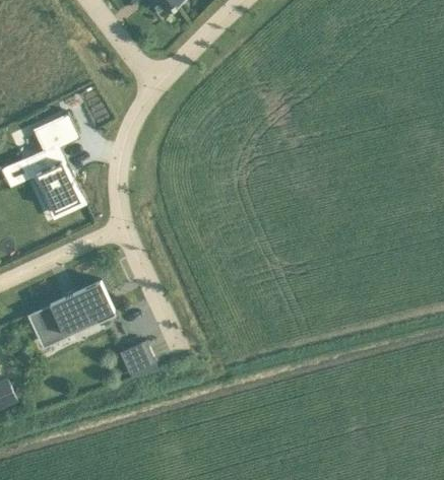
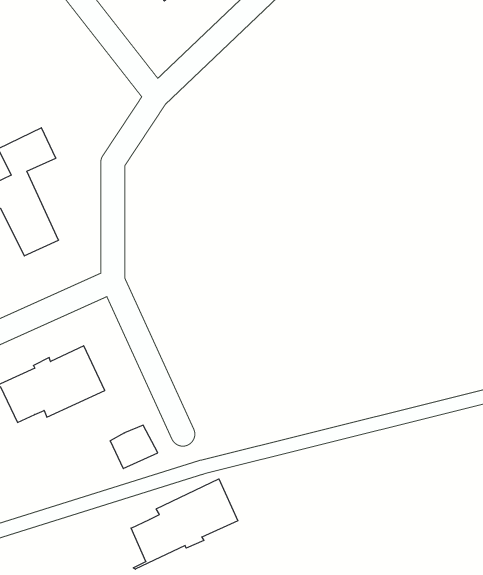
building: none -> [131,479,238,569]

